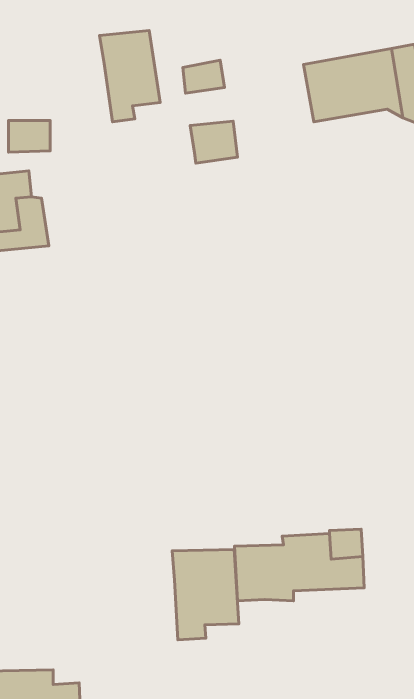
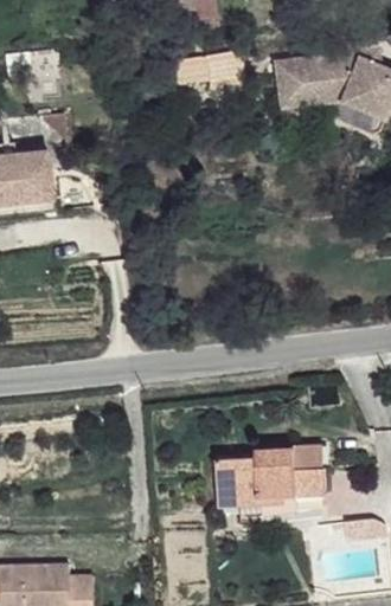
building: [99,30,160,122] -> none
building: [190,121,238,163] -> [205,57,244,91]
building: [172,550,239,640] -> none

